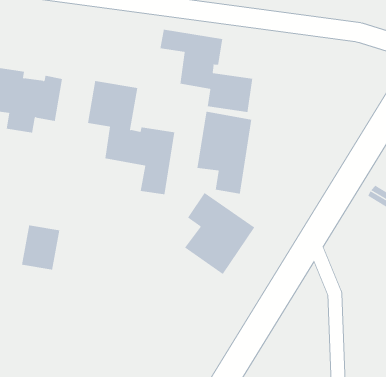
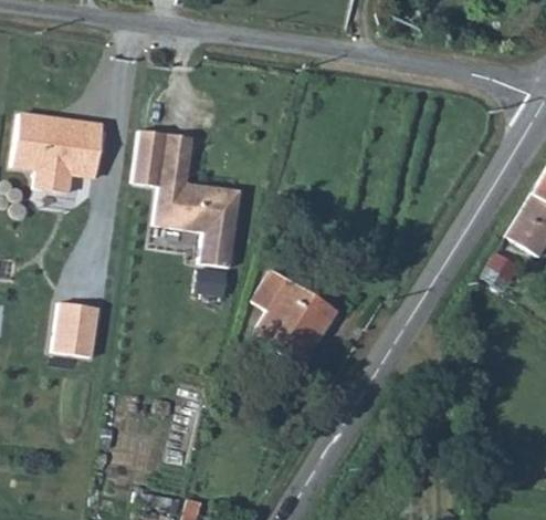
building: [160,29,253,113] -> none
building: [197,111,252,194] -> none

